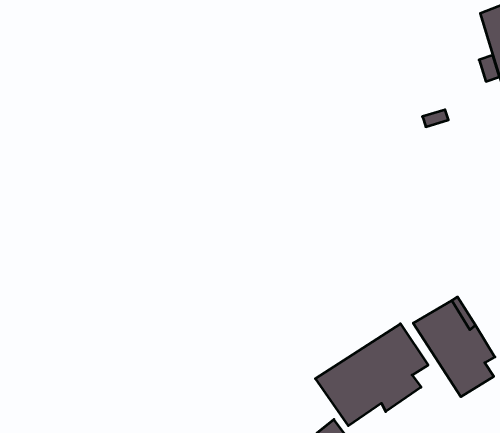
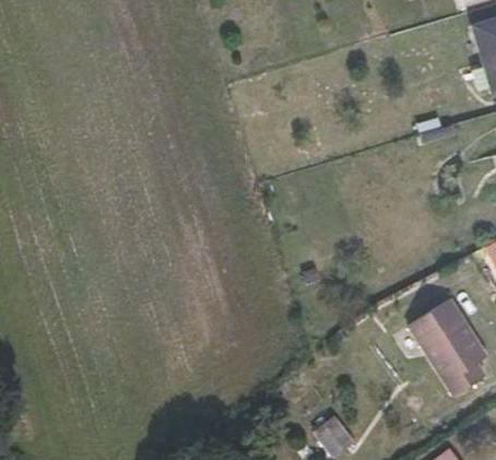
building: [315,324,428,426] -> none

